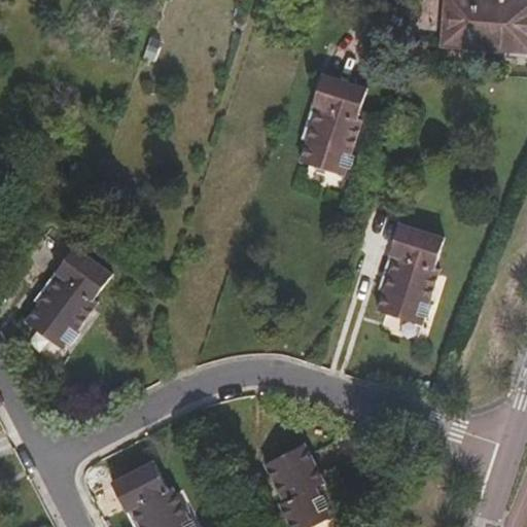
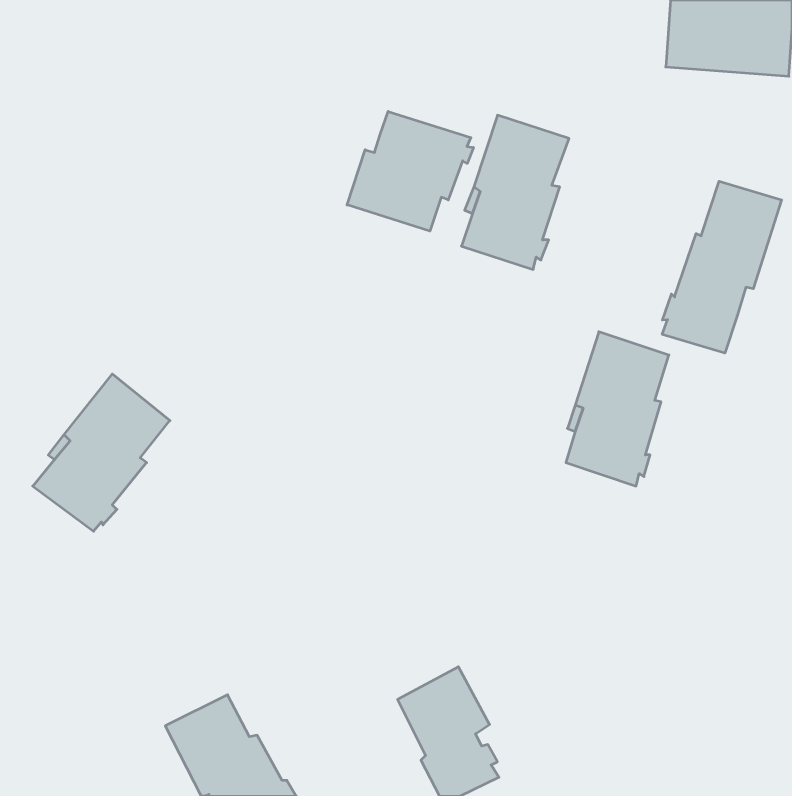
building: none -> [347,111,473,231]
building: none -> [662,181,782,353]

